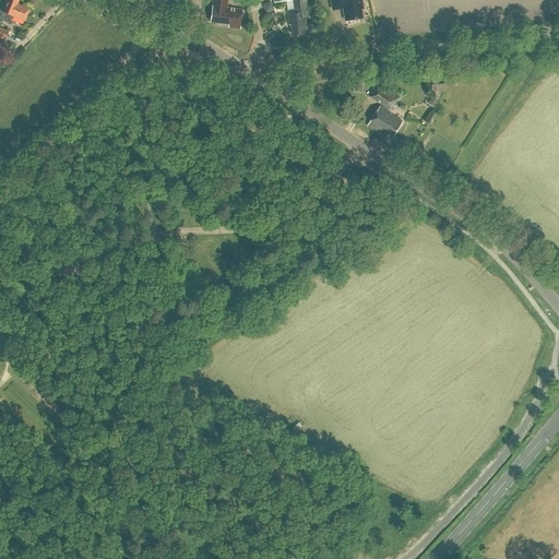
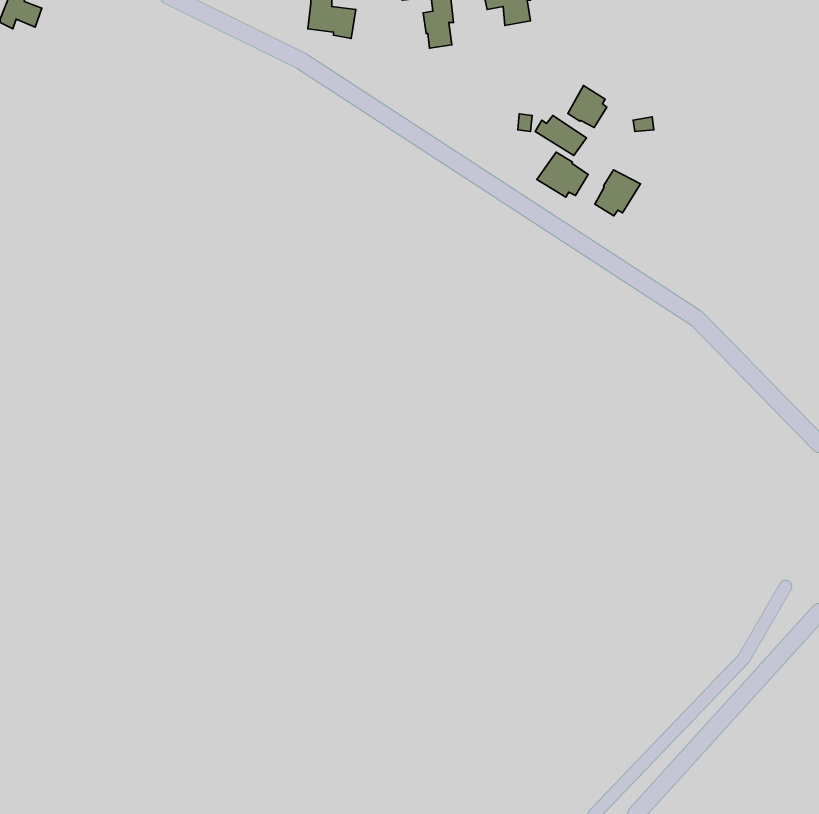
building: none -> [568,85,607,127]
building: none -> [595,170,640,216]

